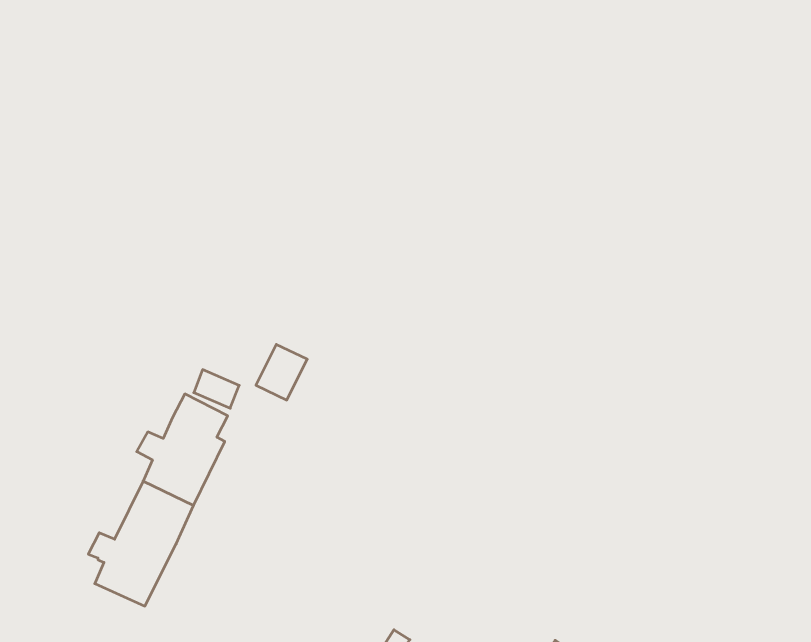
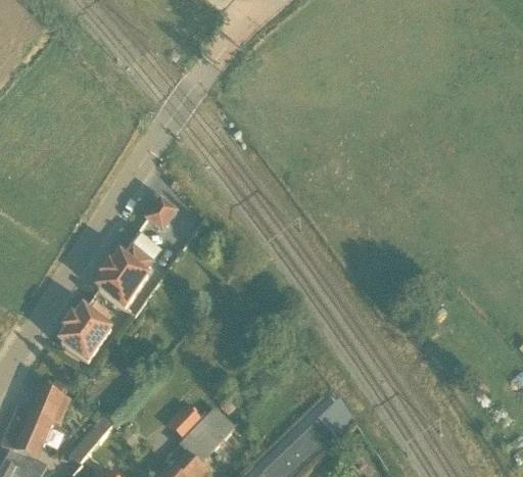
building: [256,344,307,400] -> [145,197,177,230]

